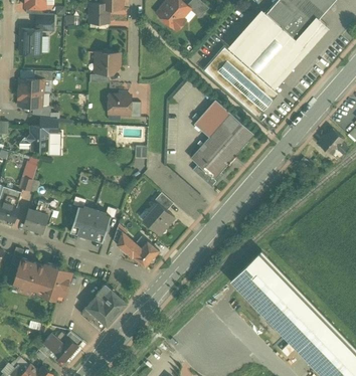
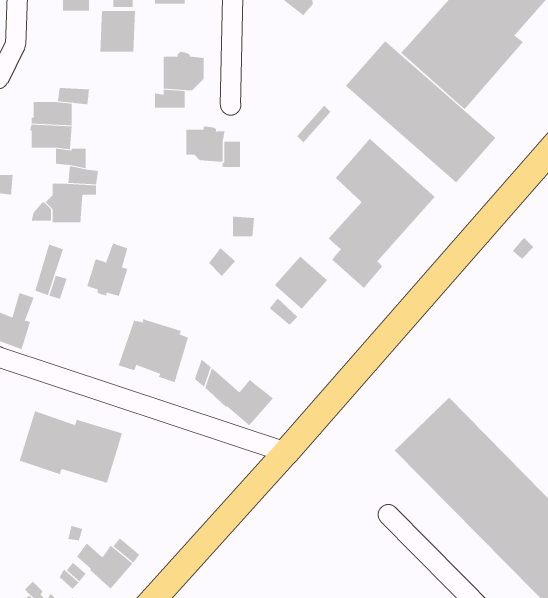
building: [19,30,40,54] -> [99,11,136,52]
building: [23,201,47,232] -> [86,243,128,297]
building: [143,204,174,235] -> [274,256,328,310]
building: [79,284,125,332] -> none

